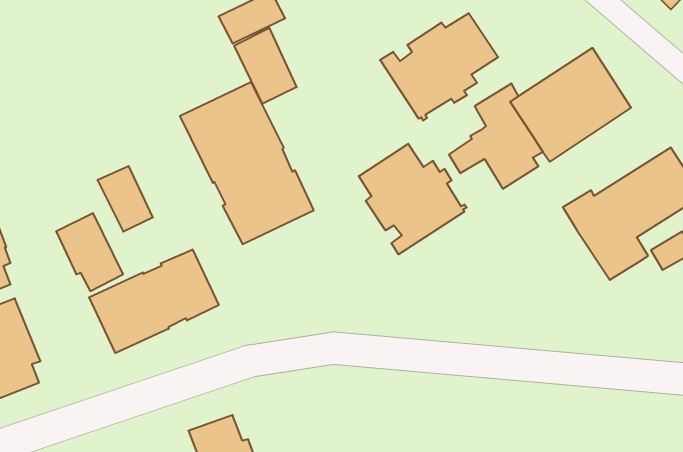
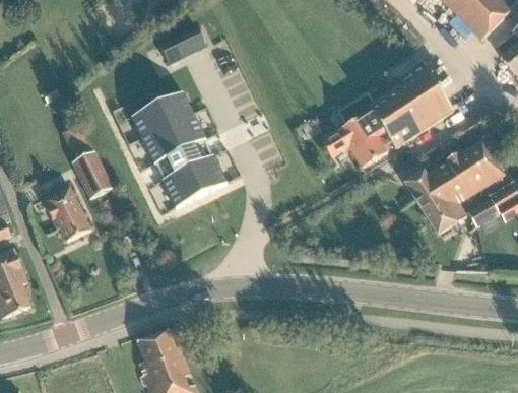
building: [380,13,498,121] -> none
building: [234,28,297,104] -> none
building: [359,144,467,254] -> none
building: [89,249,219,353] -> none

